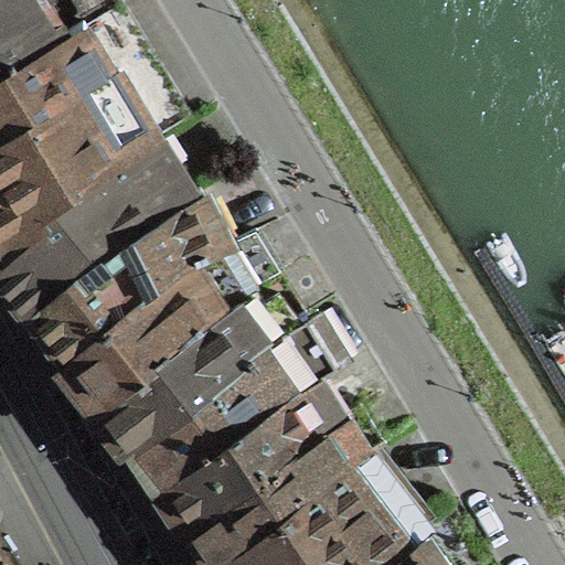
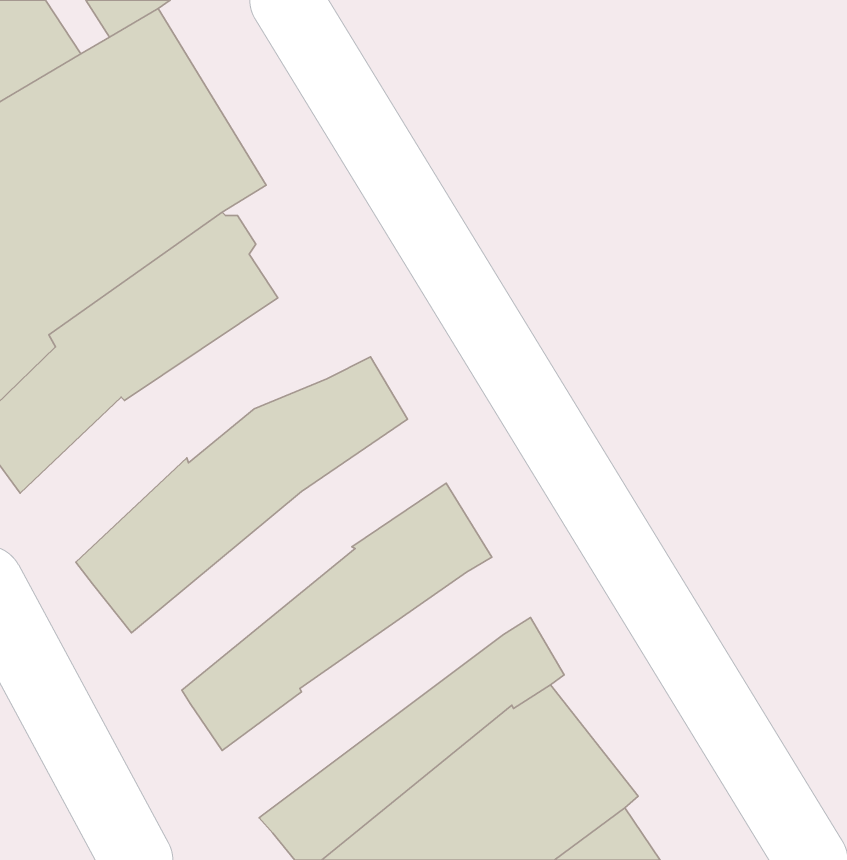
building: [13,192,214,369] -> none
building: [86,275,292,455] -> none
building: [143,375,330,535] -> none

